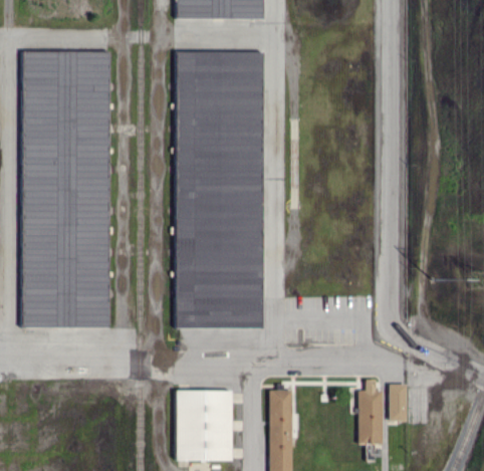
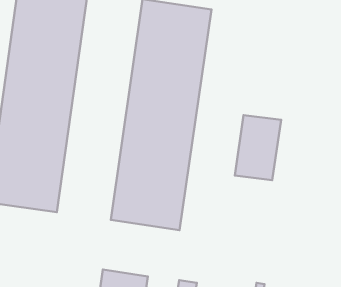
building: none -> [235,115,281,180]

